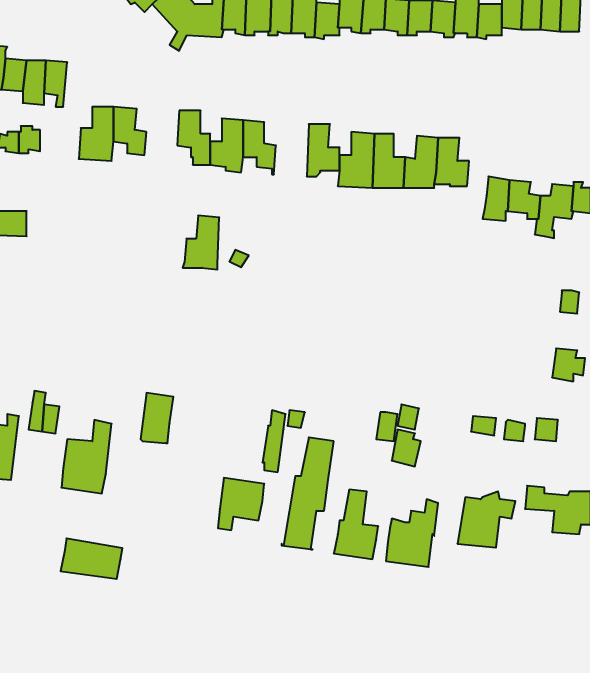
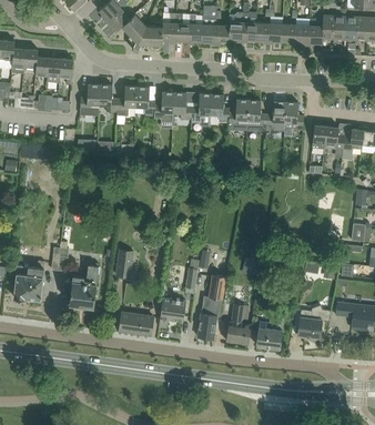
building: none -> [192,93,212,127]
building: [183,216,219,270] -> [116,85,138,117]
building: [61,538,122,579] -> [119,312,154,335]

